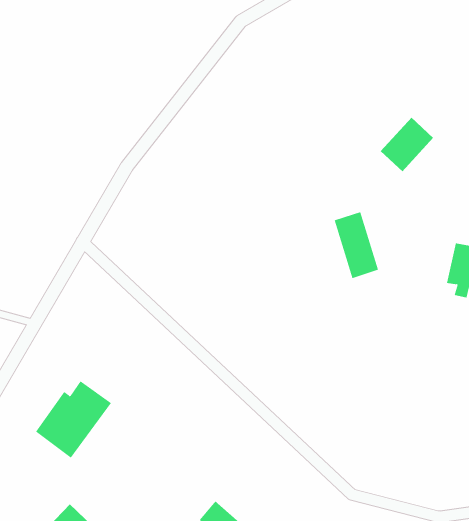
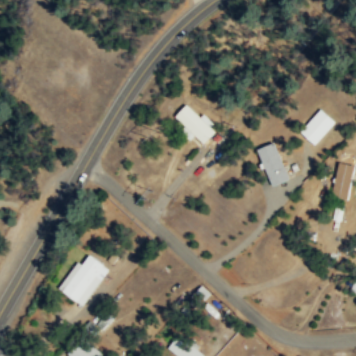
building: [380,117,434,172] -> [299,109,335,146]
building: none -> [173,104,217,145]

